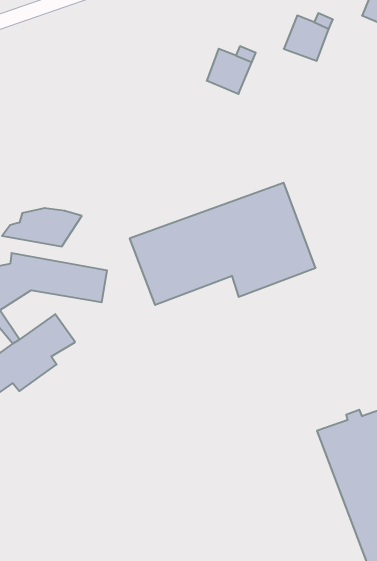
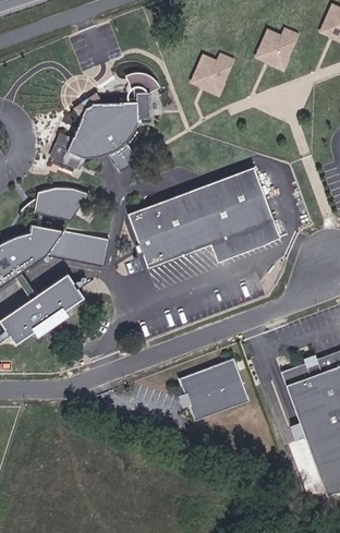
building: none -> [50,72,159,170]
building: none -> [179,358,250,421]

